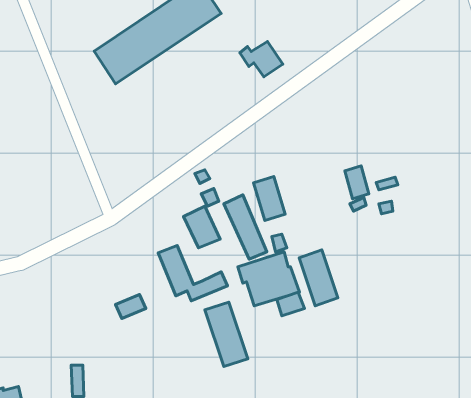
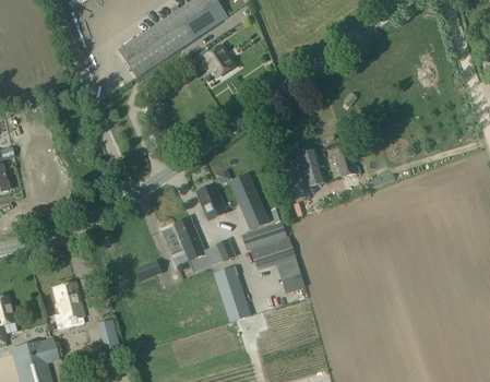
building: [240,41,283,77] -> [196,46,234,76]
building: [254,176,285,220] -> [298,150,325,188]
building: [299,250,338,306] -> none
building: none -> [53,282,84,321]

